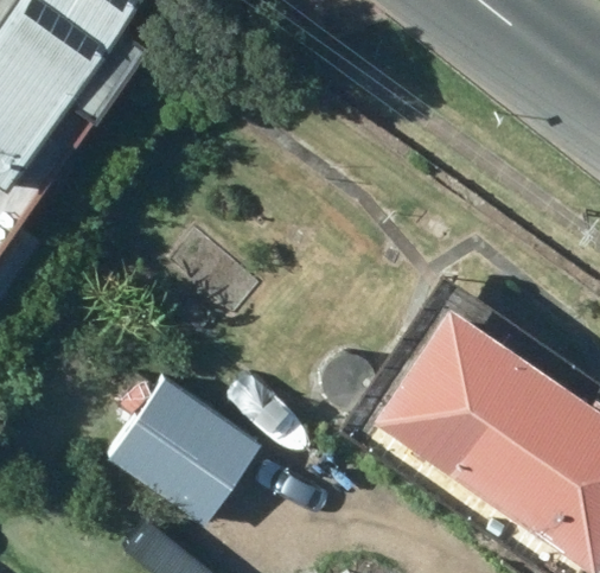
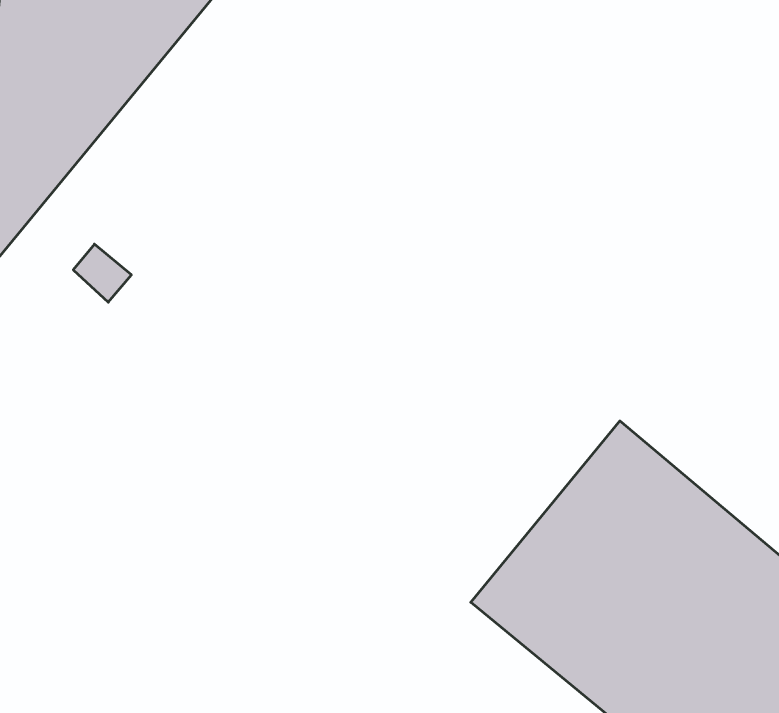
building: [108,369,261,517] -> none

